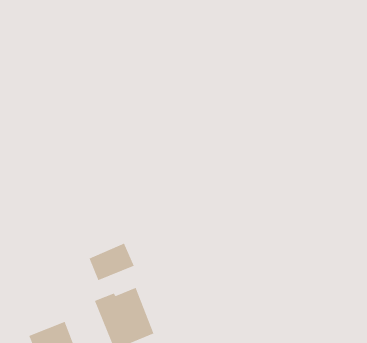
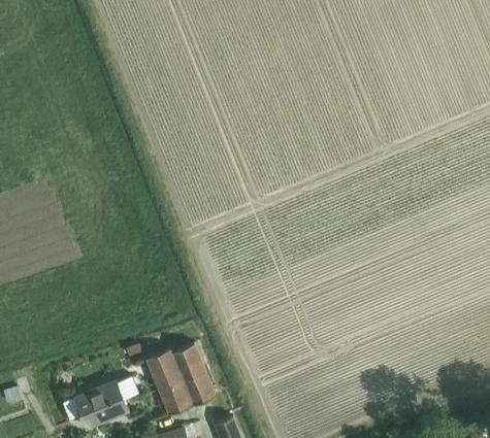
building: [88,243,135,281] -> none

